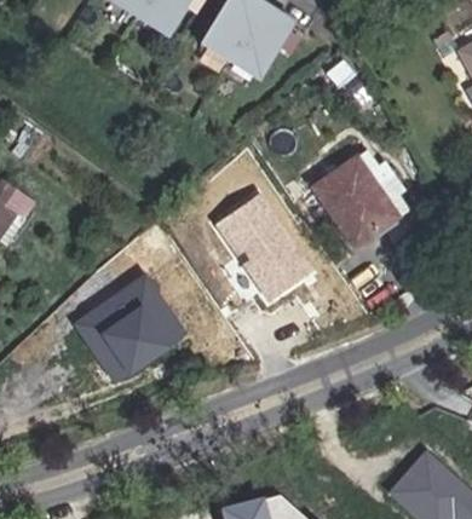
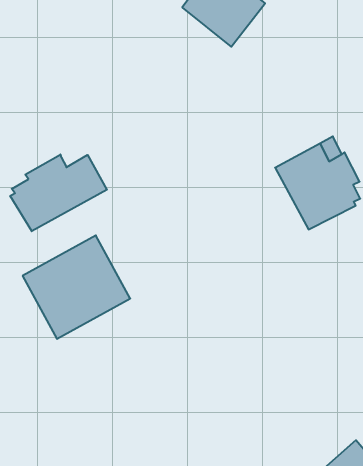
building: [215,194,315,302] -> none
building: none -> [10,154,107,231]

